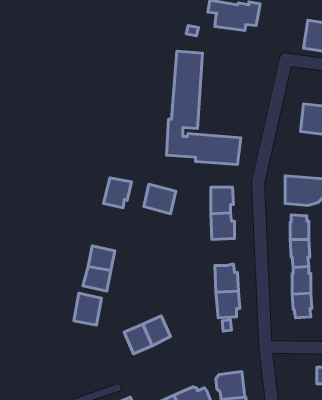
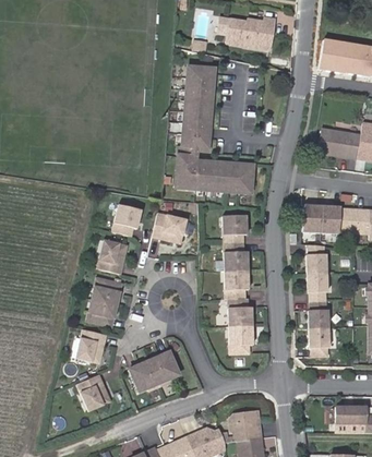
building: none -> [96,240,127,274]
building: none -> [225,269,249,298]
building: none -> [80,371,115,408]

